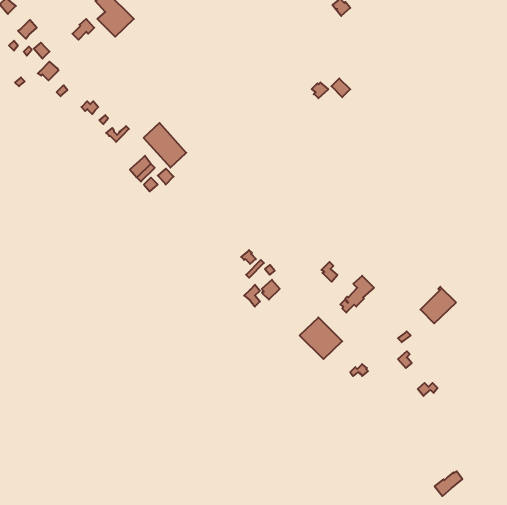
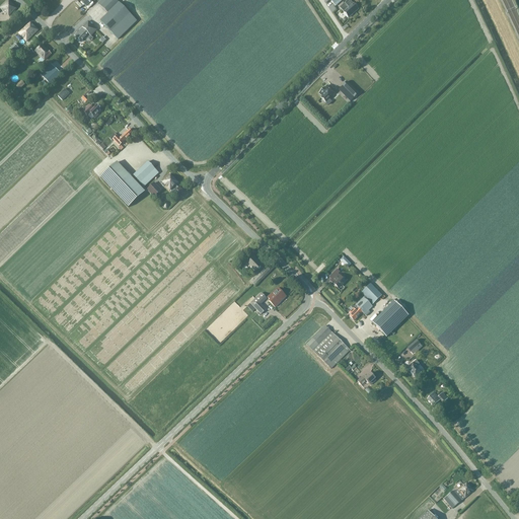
building: [144,123,186,168] -> [100,160,144,206]
building: [420,287,456,323] -> [372,298,409,336]

